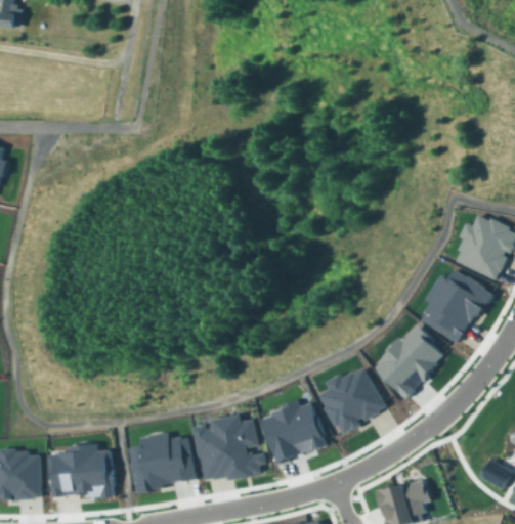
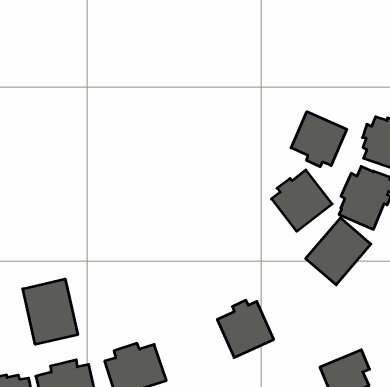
building: none -> [291,112,347,167]
building: none -> [23,279,78,344]
building: [317,364,386,433] -> [271,170,332,231]
building: [192,412,267,479] -> none

